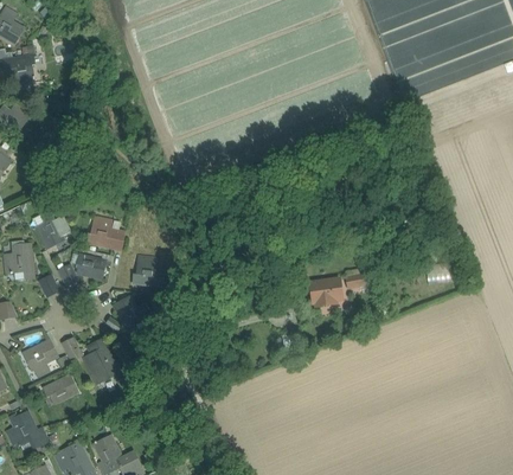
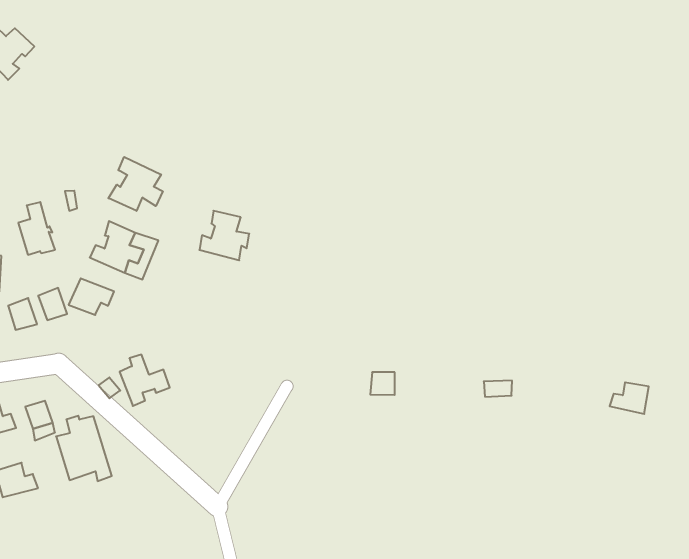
building: none -> [108,157,163,211]
building: [133,256,162,284] -> [199,211,249,260]
building: [309,277,341,306] -> none

